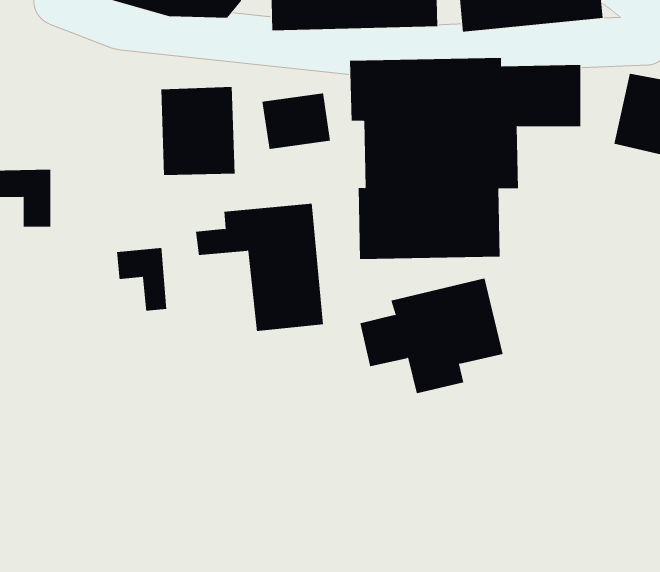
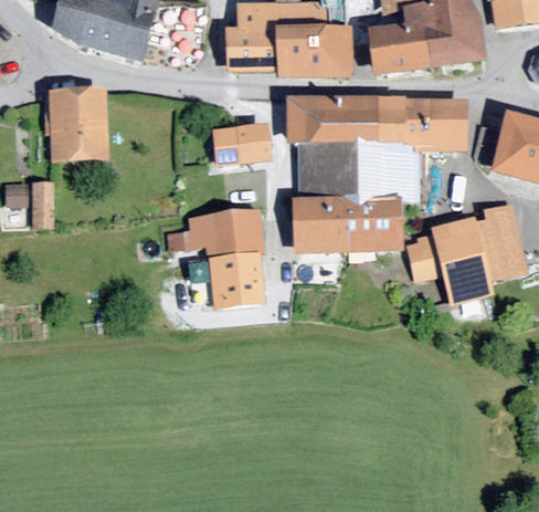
building: [160,86,235,175] -> [50,91,108,160]
building: [117,247,167,312] -> none
building: [360,278,504,394] -> [408,202,520,293]

